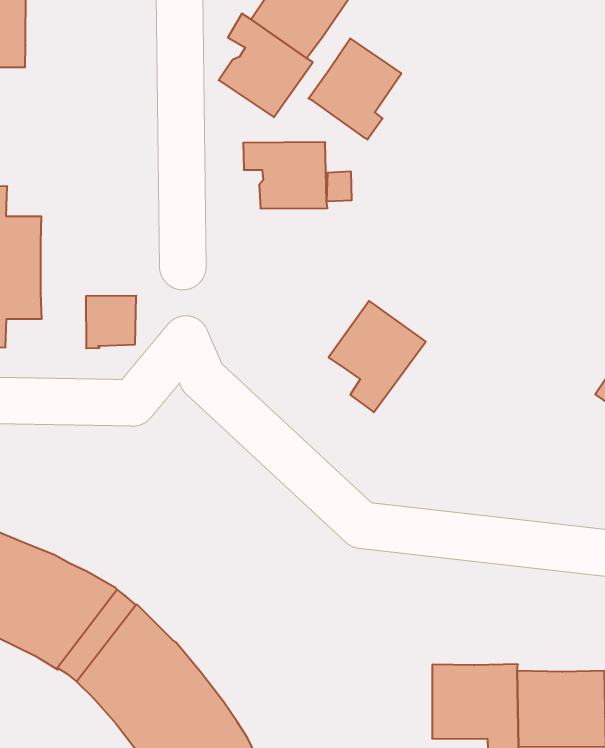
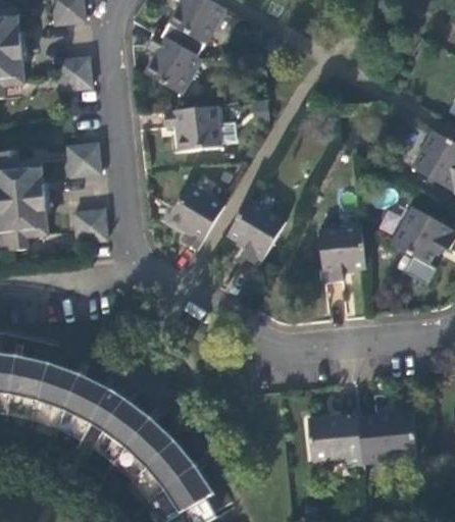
building: [308,38,401,140] -> none
building: none -> [60,56,93,89]
building: none -> [69,142,102,177]
building: none -> [168,184,224,249]
building: none -> [318,224,366,281]

